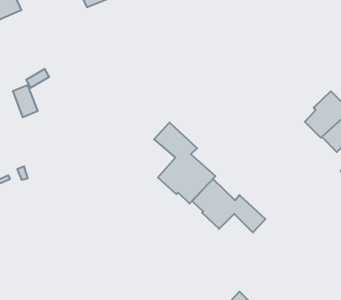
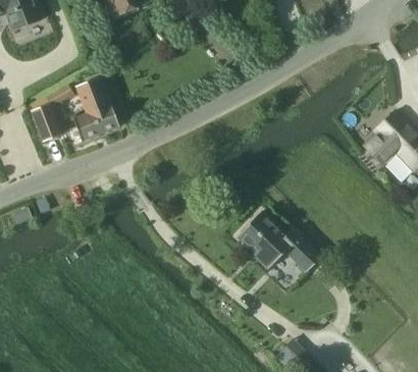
building: none -> [73,79,120,141]
building: [154,122,215,204] -> none

